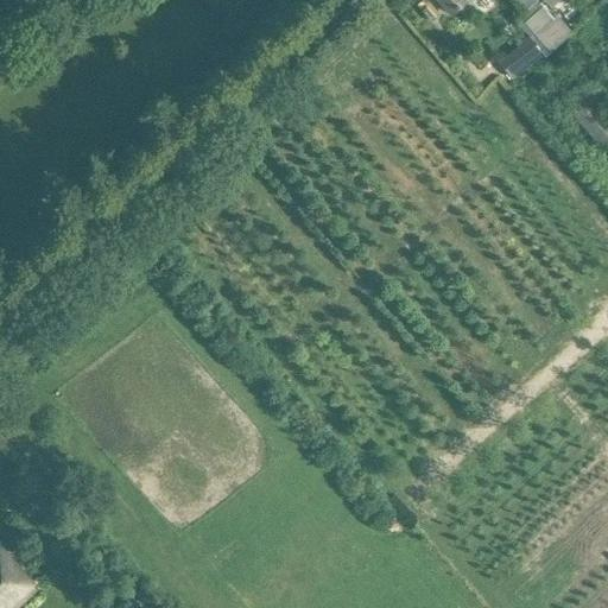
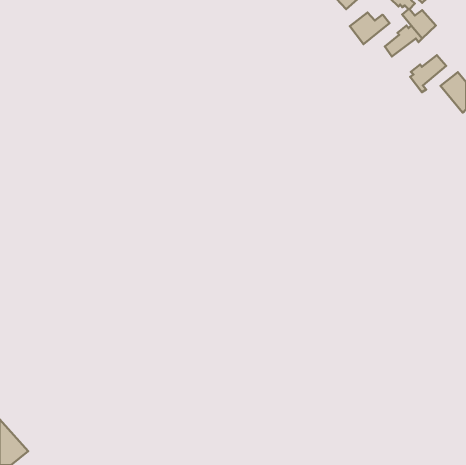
building: none -> [350,12,389,44]
building: none -> [410,55,446,92]

